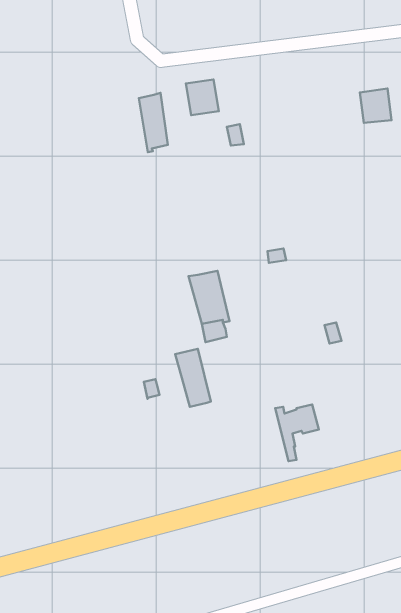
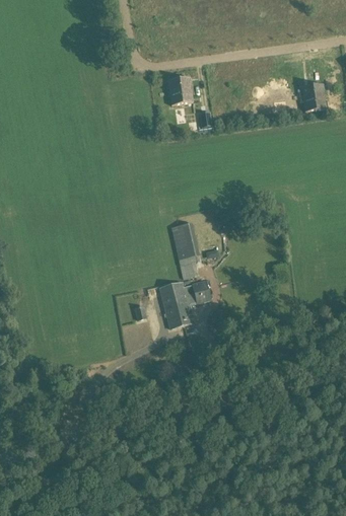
building: [139,93,168,152] -> none
building: [275,404,319,461] -> [177,280,210,323]

